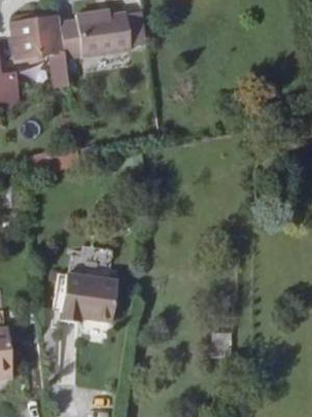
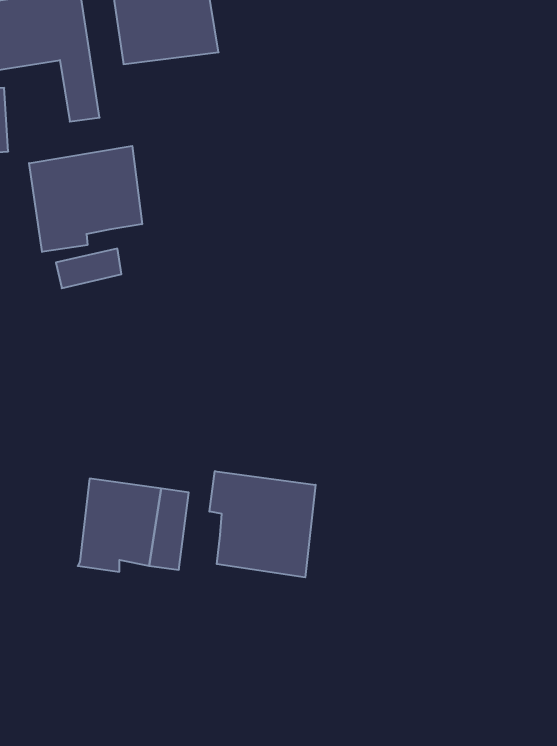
building: none -> [29,146,142,252]
building: none -> [209,471,316,577]

